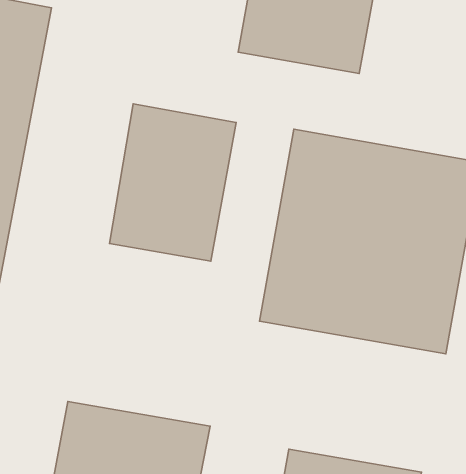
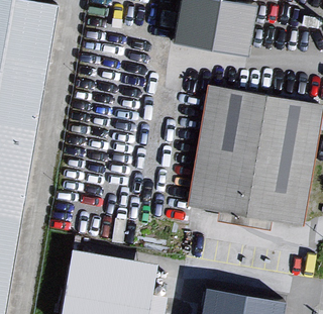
building: [110,104,236,261] -> none

